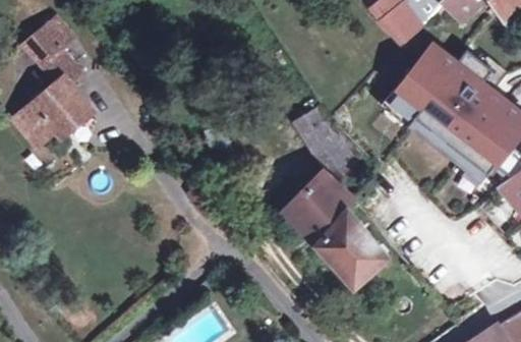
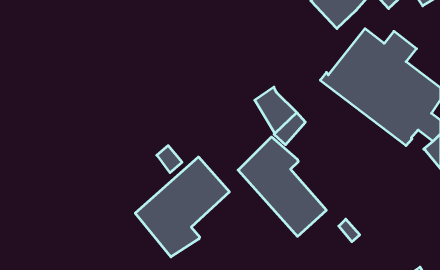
building: [14,17,92,147] -> none
building: none -> [135,157,229,257]

